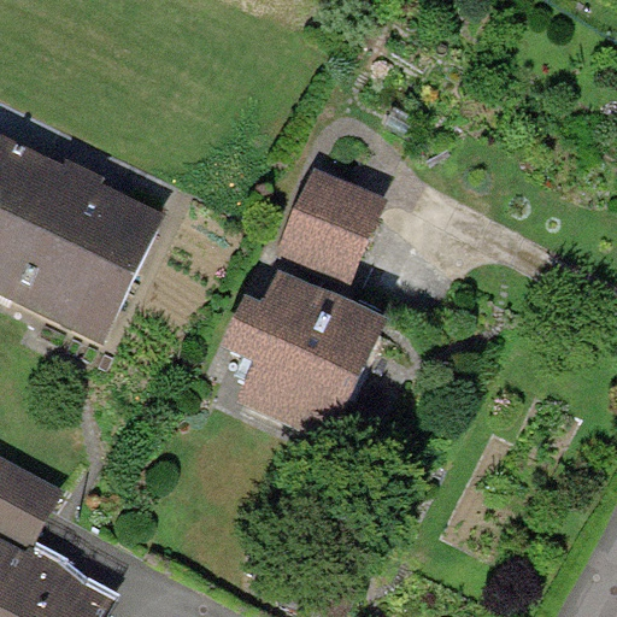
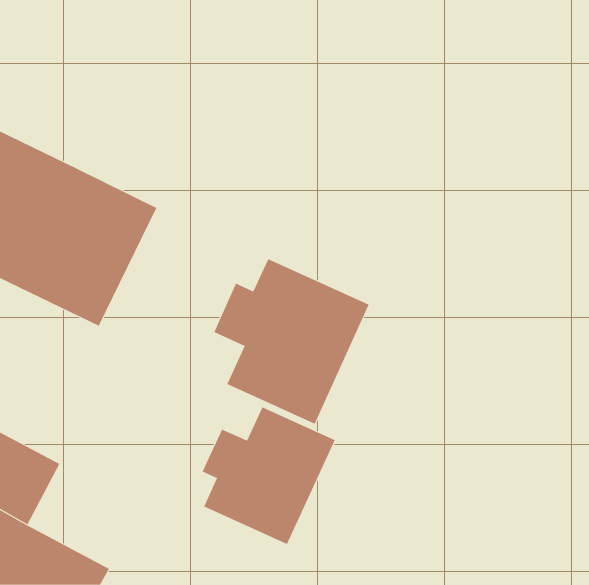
building: [272,166,386,289] -> none
building: none -> [202,407,335,545]

